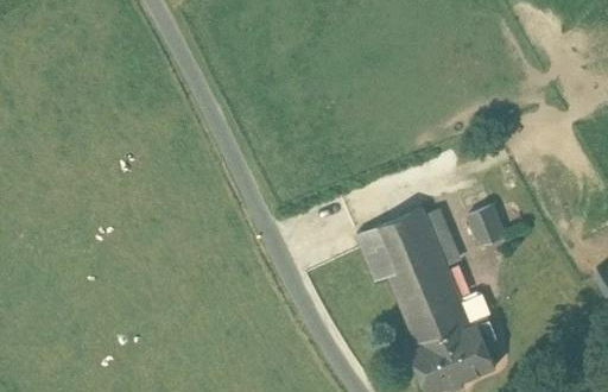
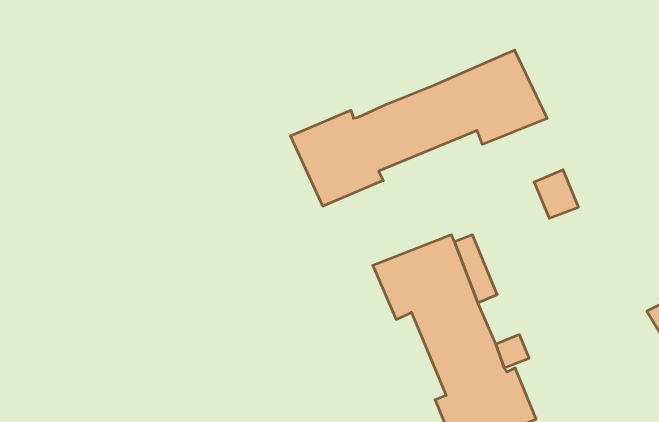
building: none -> [291,50,547,206]
building: [468,207,506,248] -> [534,170,578,218]

